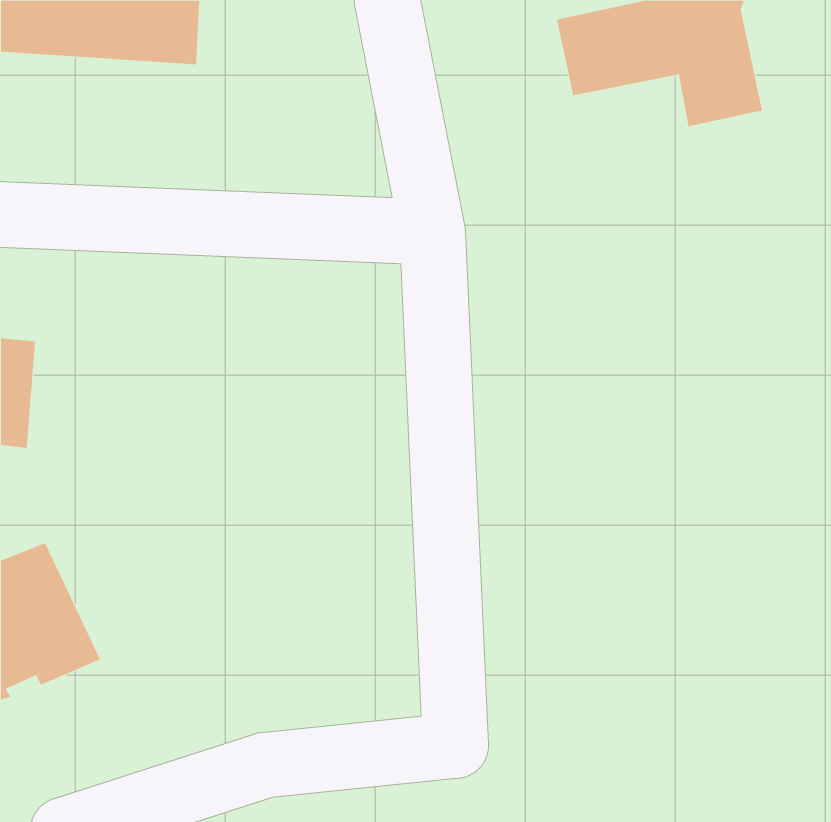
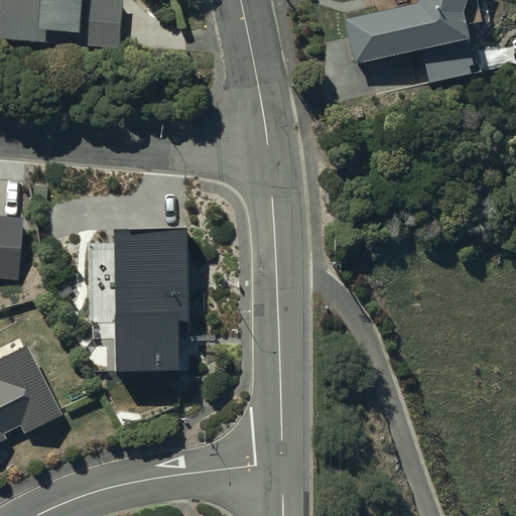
building: none -> [108,221,187,368]

